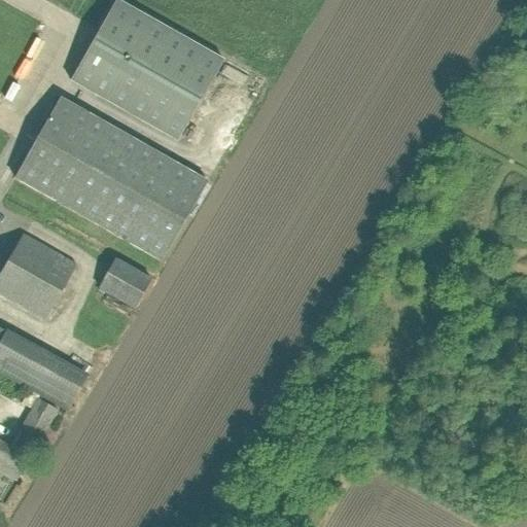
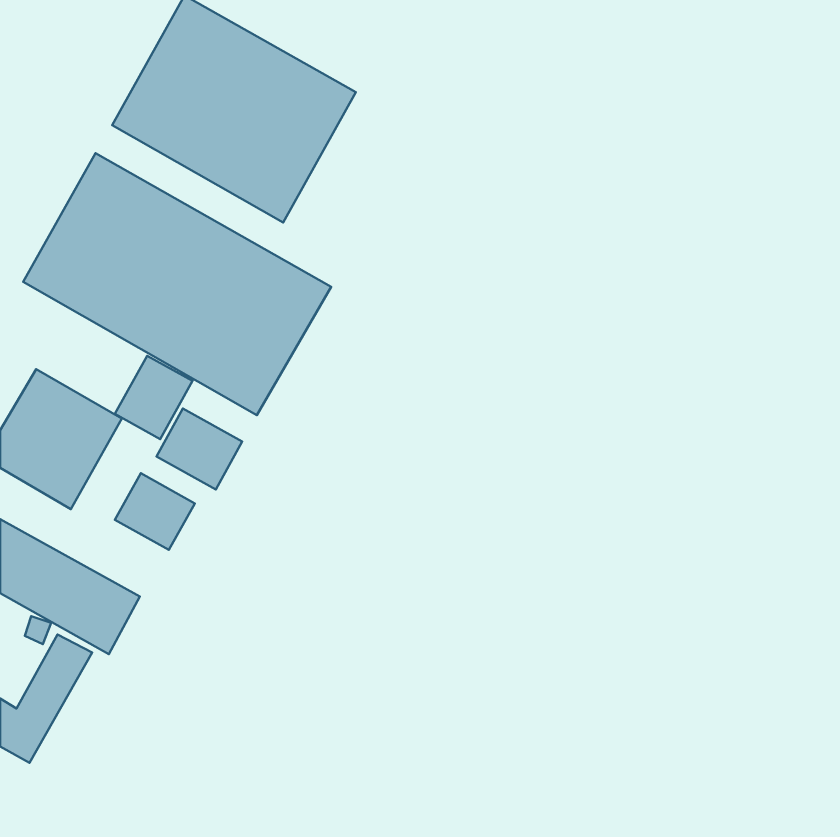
building: none -> [115,356,192,439]
building: none -> [115,473,195,550]

